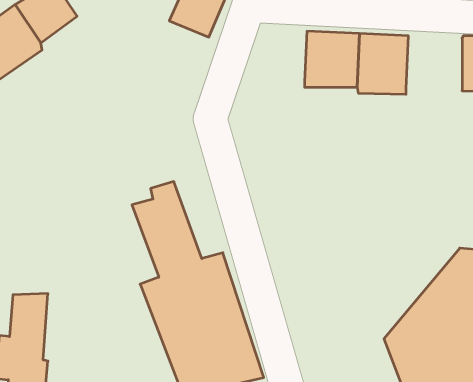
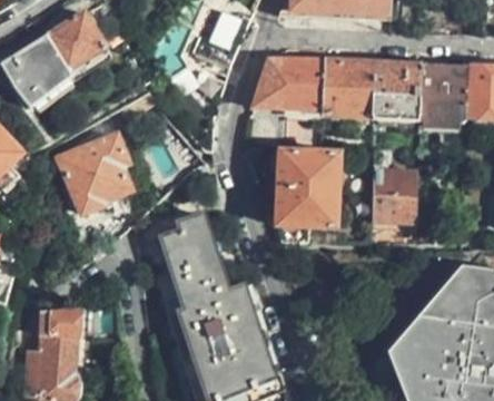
building: none -> [253,47,324,108]
building: none -> [418,65,472,117]
building: none -> [59,136,129,212]
building: none -> [369,149,417,222]
building: none -> [276,150,338,242]

